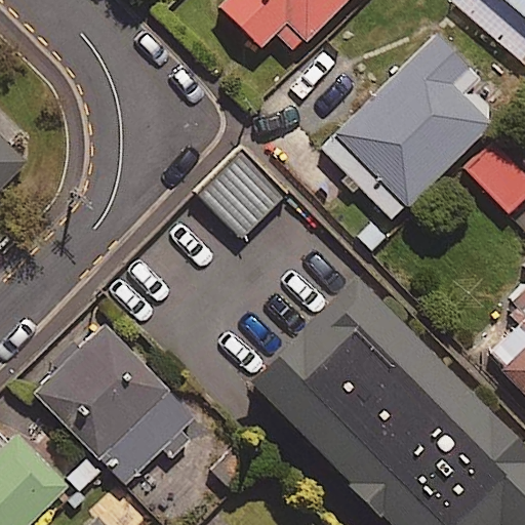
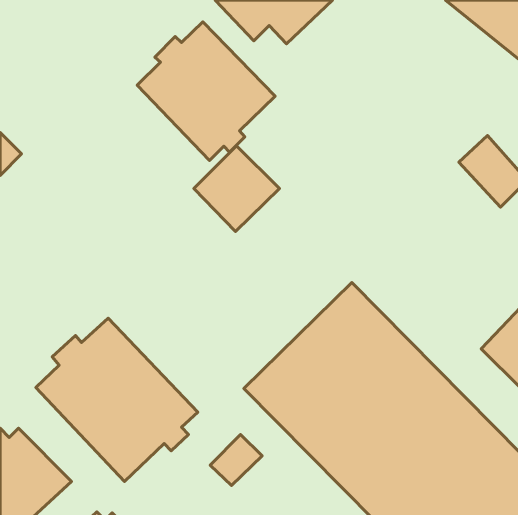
building: none -> [137,22,275,160]
building: [319,32,492,219] -> none

